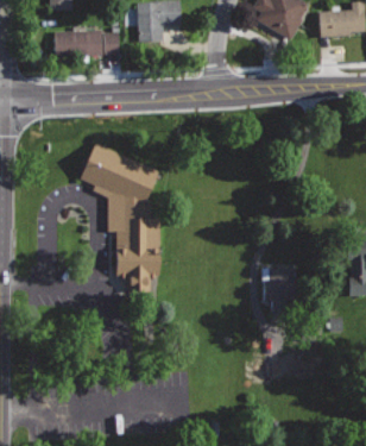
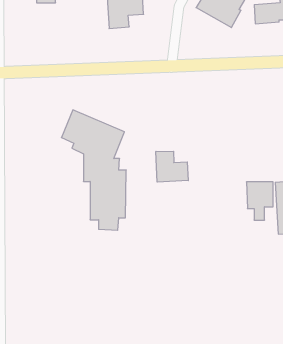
building: [56,31,120,56] -> none
building: none -> [156,151,188,182]
building: [263,269,296,316] -> [246,182,273,220]

